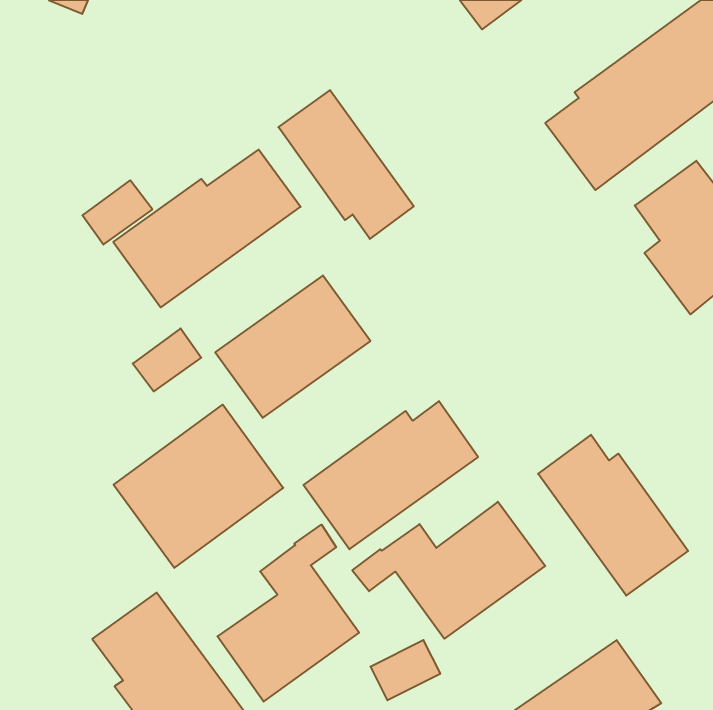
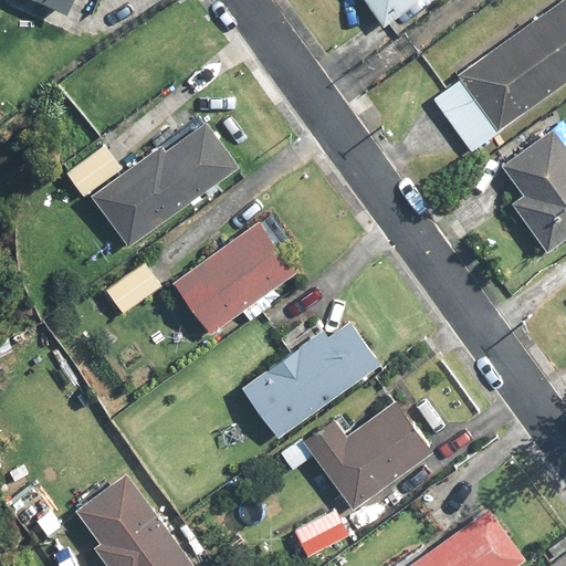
building: [278,90,414,239] -> none
building: [114,405,283,568] -> none
building: [538,435,688,596] -> none
building: [217,525,359,702] -> none

